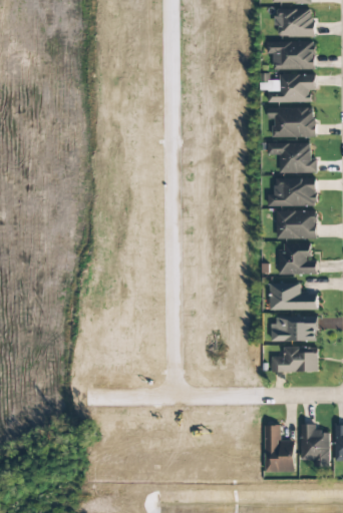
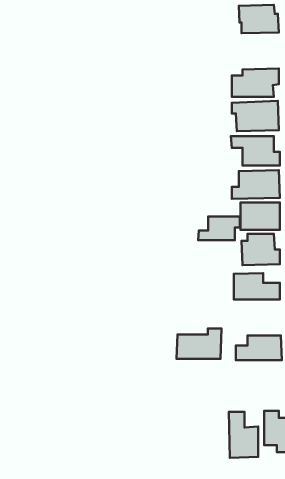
building: [267,42,315,70] -> none
building: none -> [198,216,240,240]
building: [272,311,318,342] -> [176,329,221,359]

